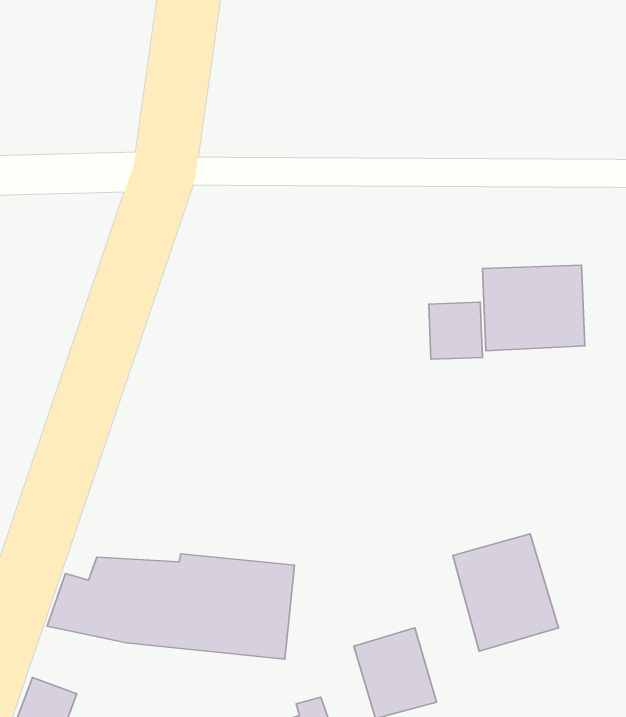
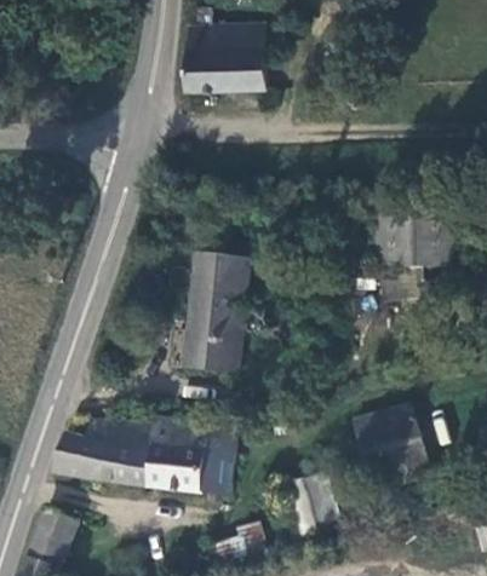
building: none -> [183,24,265,90]
building: [429,302,482,359] -> none
building: none -> [184,254,250,373]

